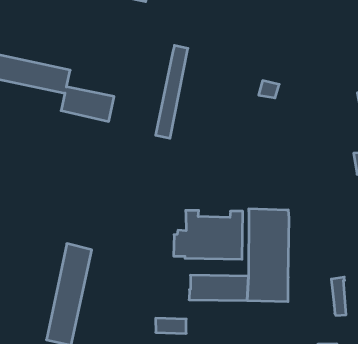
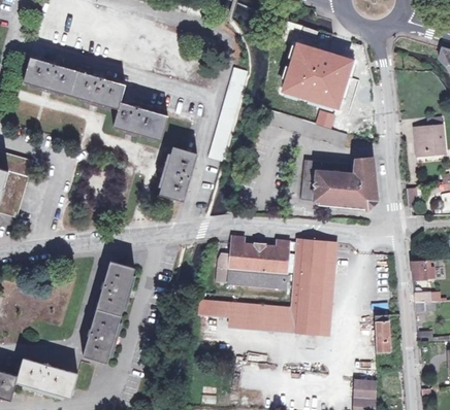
building: none -> [280,42,355,110]
building: none -> [300,157,377,208]
building: none -> [159,147,198,201]
building: [156,318,186,333] -> [200,299,232,316]

